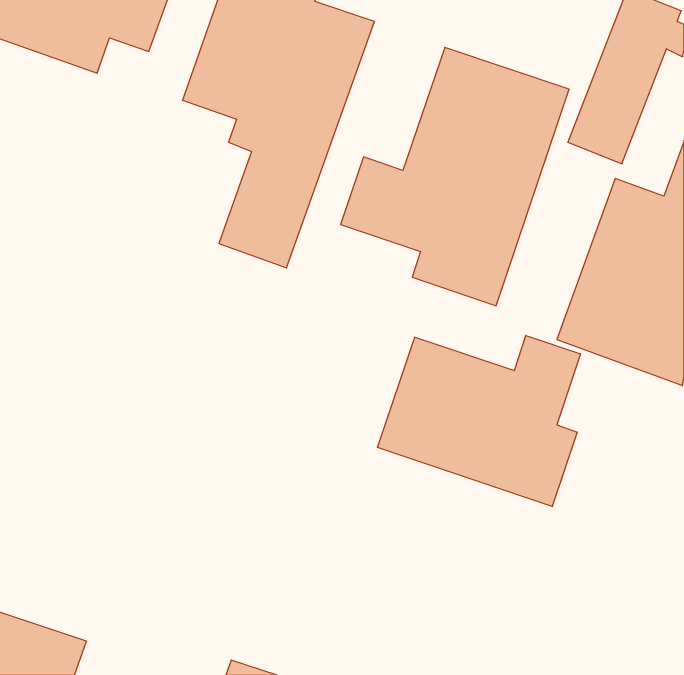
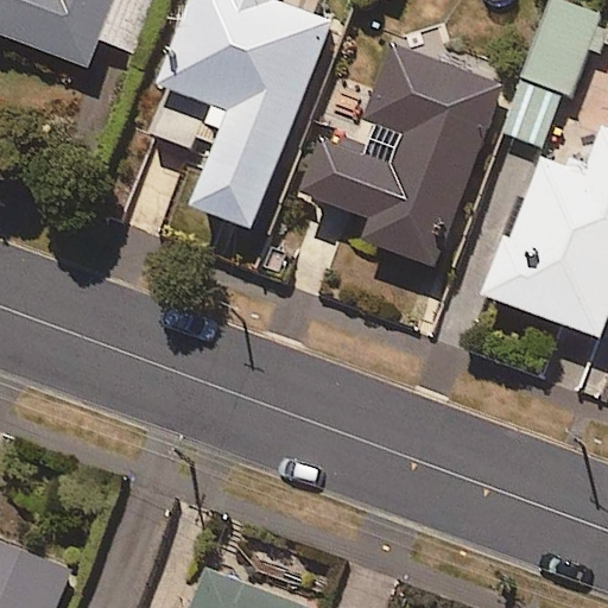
building: [377,335,581,507] -> none

